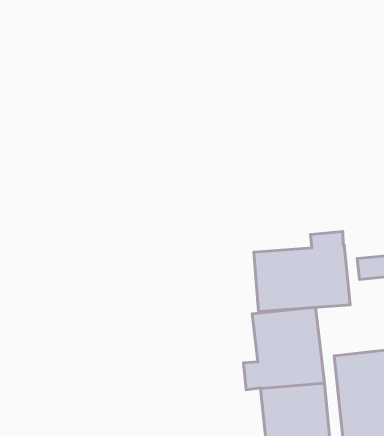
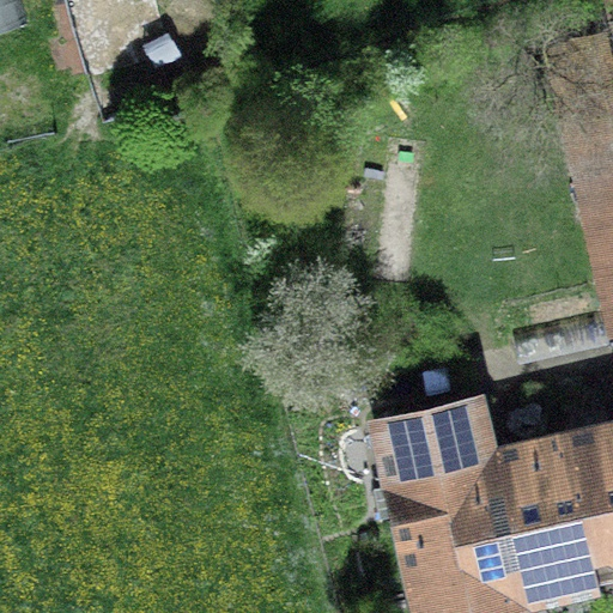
building: [254,232,350,311] -> none

